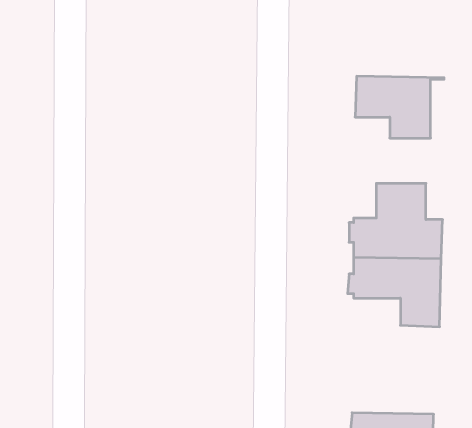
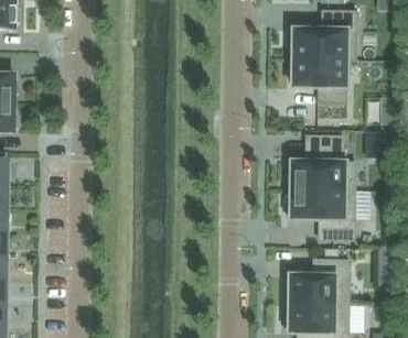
building: none -> [292,9,356,58]
building: none -> [284,259,348,304]

